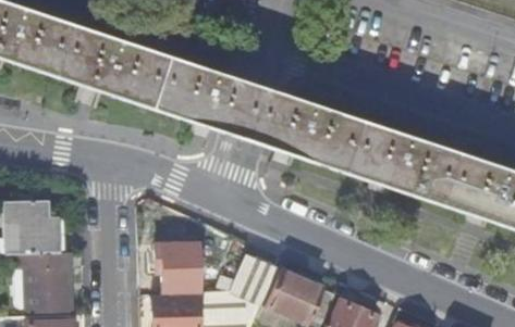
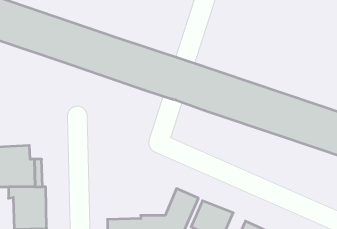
building: [157,241,200,290] -> none

